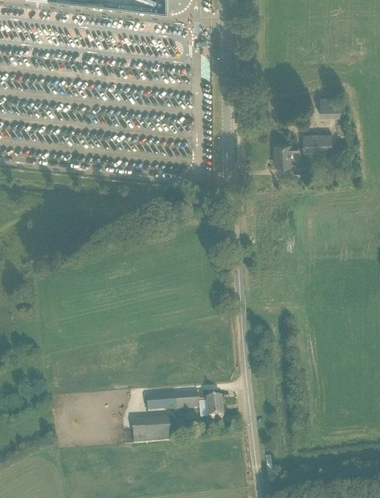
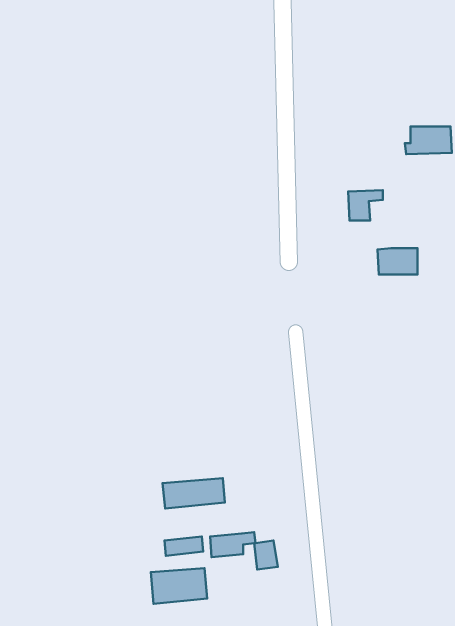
building: [301,133,330,152] -> [377,248,417,274]
building: none -> [163,478,225,509]

